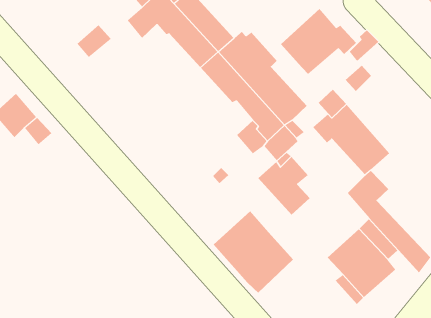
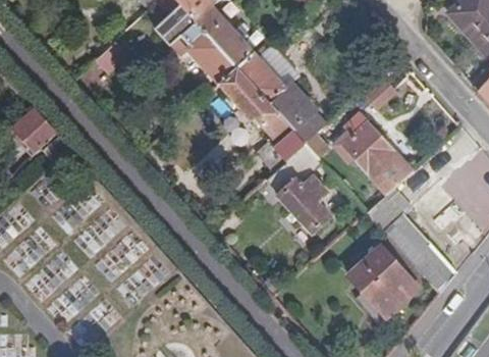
building: [280,8,357,75] -> none
building: [213,211,294,294] -> none

